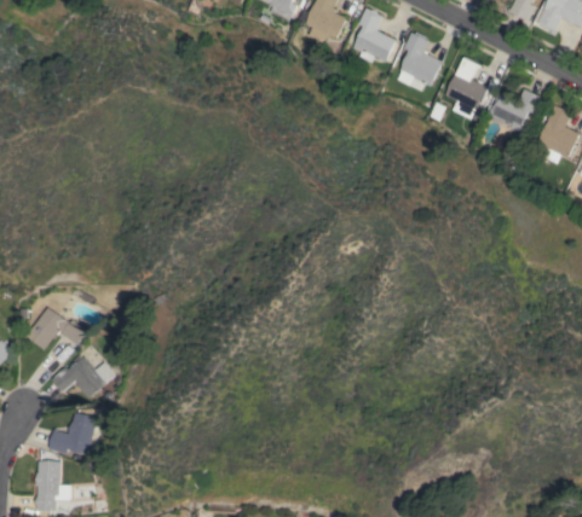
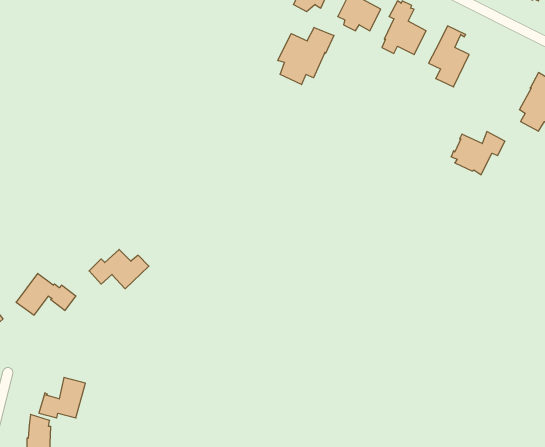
building: none -> [278,27,334,85]
building: [485,89,540,133] -> [451,132,505,175]
building: [52,358,113,397] -> [89,249,149,289]

